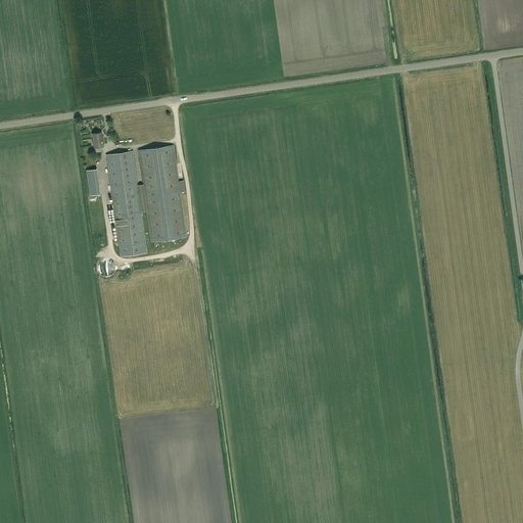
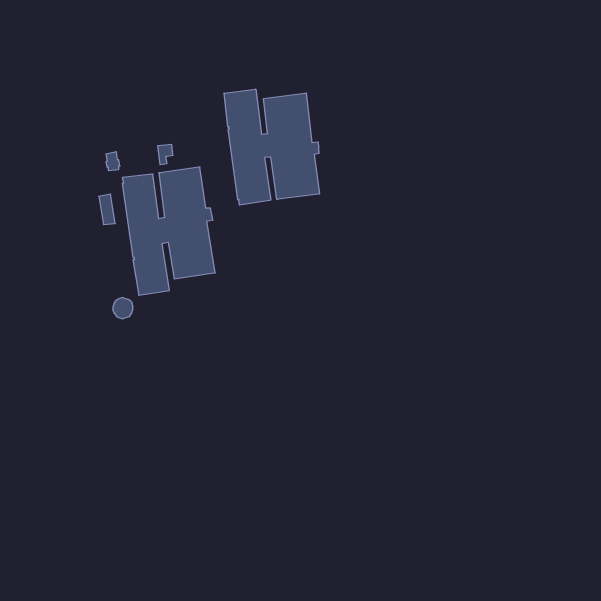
building: none -> [224,89,319,205]

